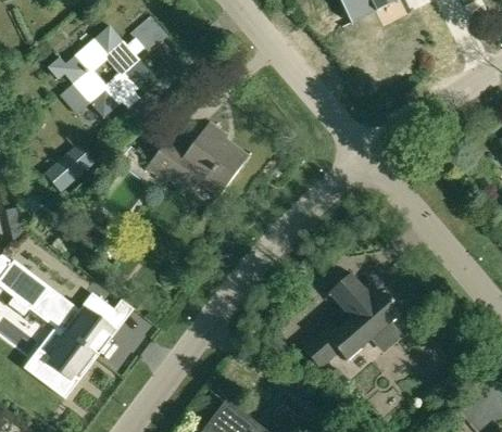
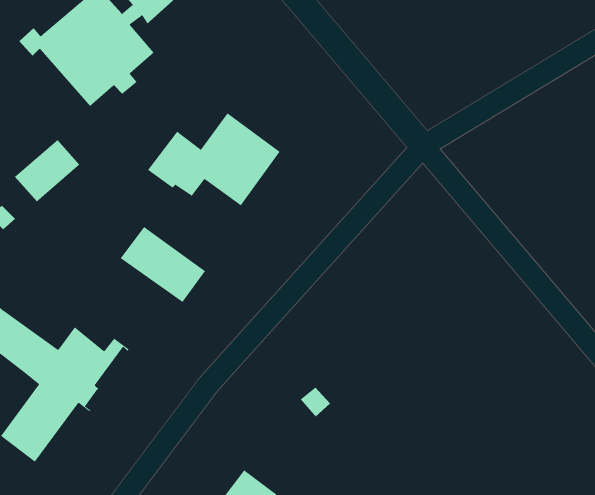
building: none -> [120,226,206,303]
building: [303,275,401,369] -> none

